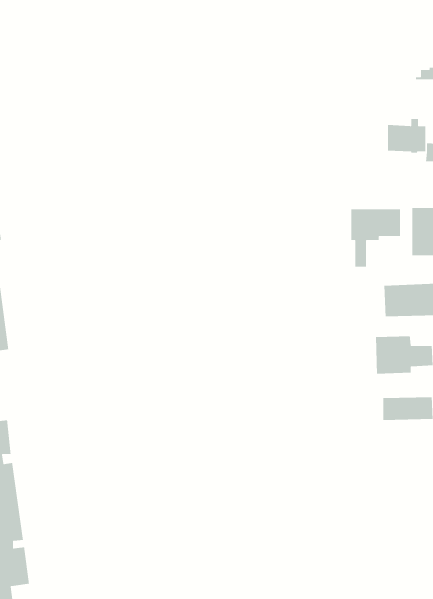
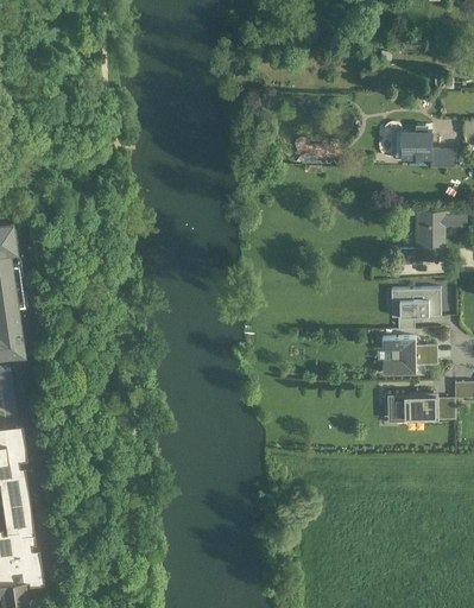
building: [351,209,401,268] -> none

